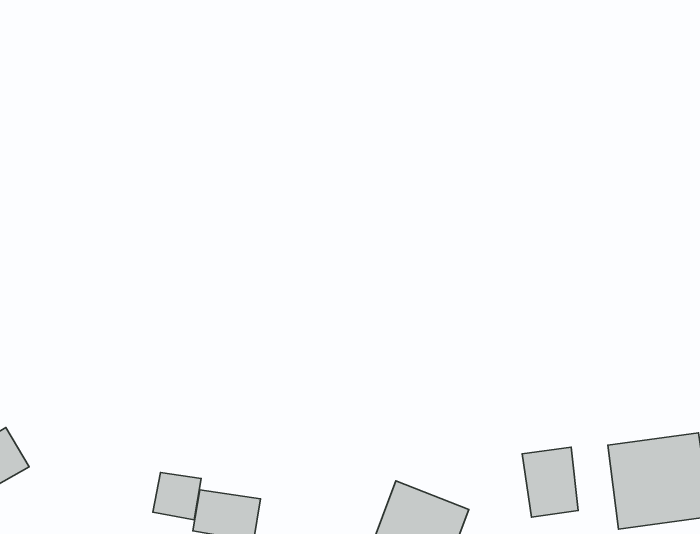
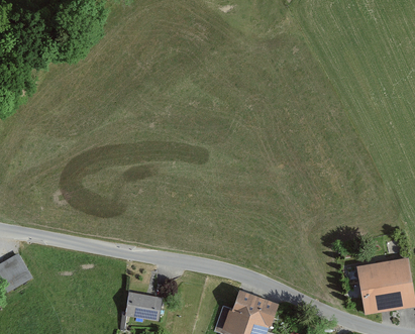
building: [522,447,578,517] -> none
building: [153,472,201,520] -> none

